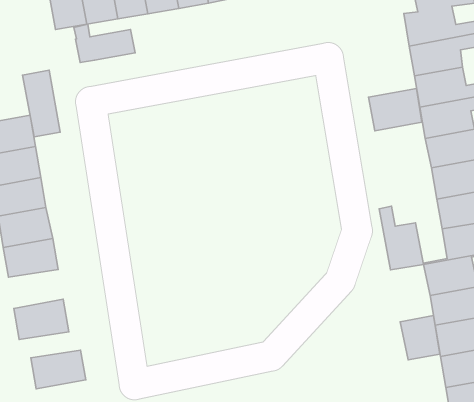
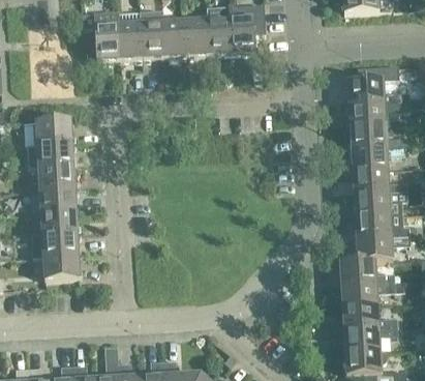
building: [74,24,135,63] -> none
building: [22,70,60,137] -> none
building: [368,88,422,131] -> none
building: [379,206,423,270] -> none
building: [400,316,440,360] -> none
building: [31,350,86,389] -> [41,232,79,256]

